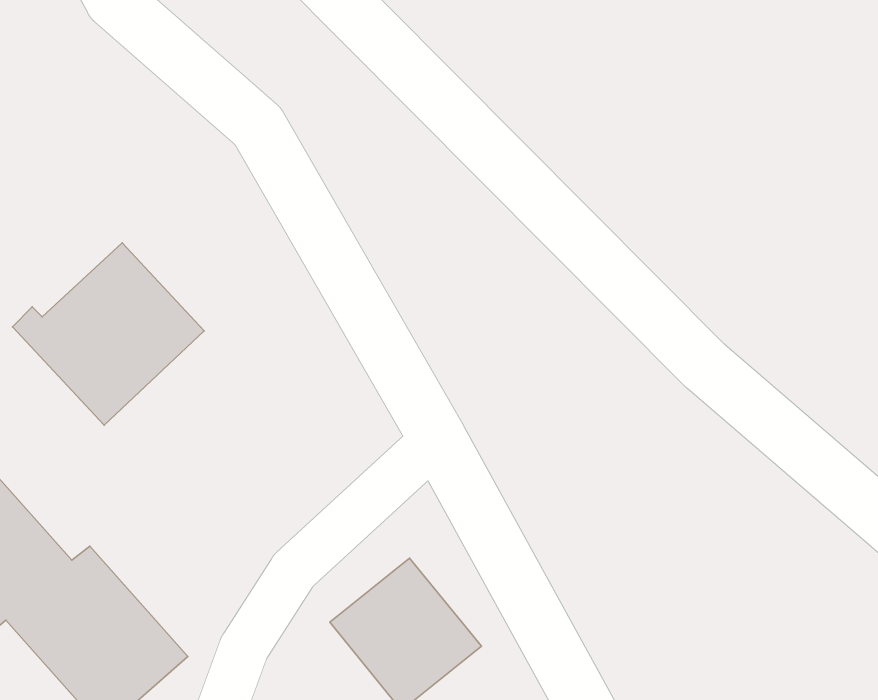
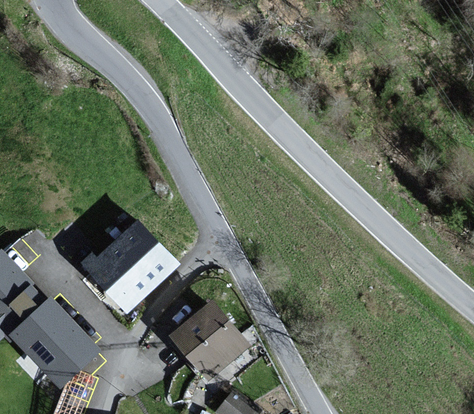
building: [12,243,204,425] -> [81,222,177,313]

